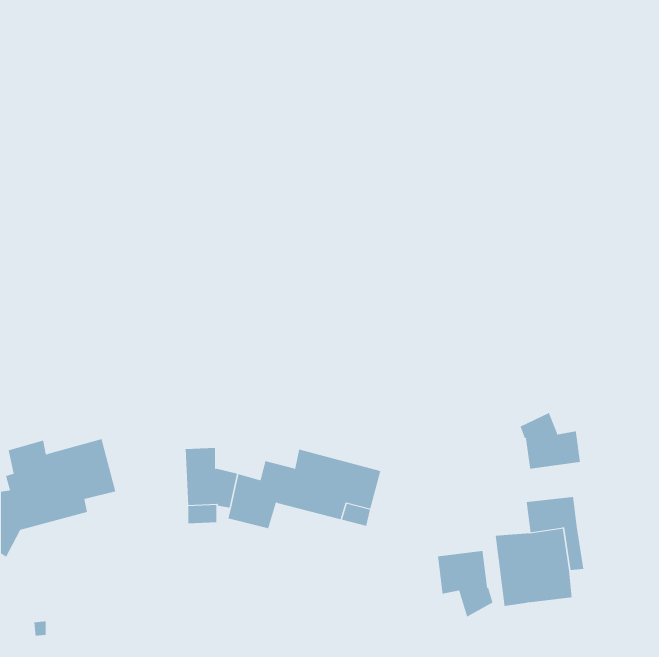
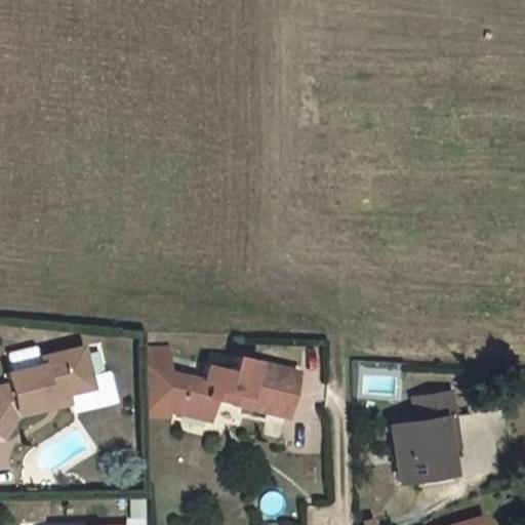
building: [520,412,581,469] -> none
building: [437,550,493,618] -> none

